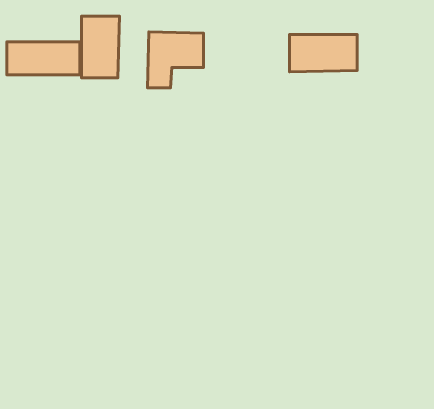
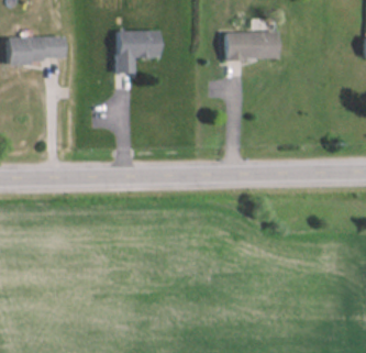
building: [81,16,119,78] -> none

